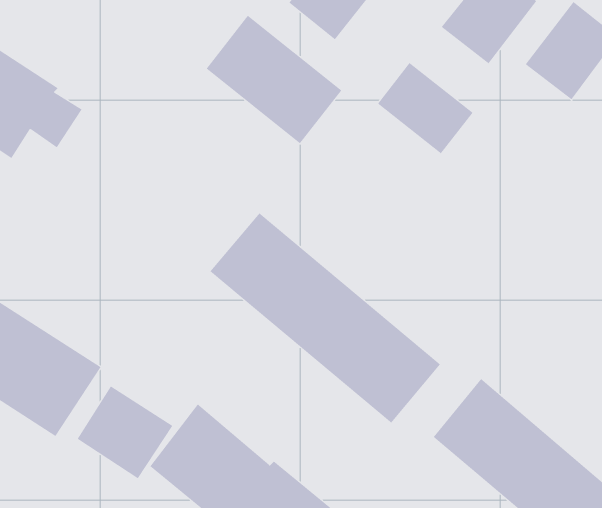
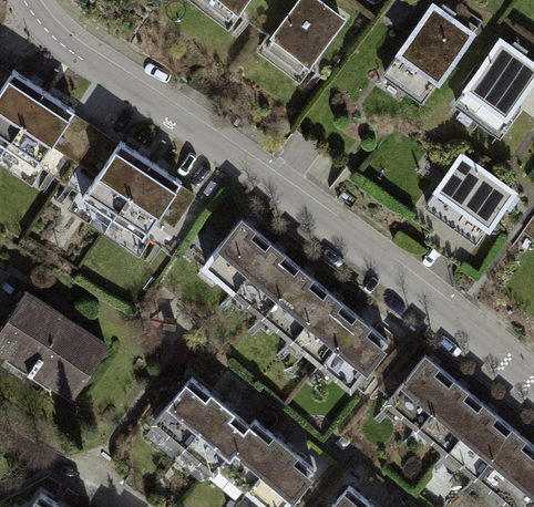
building: [206,15,342,144] -> none
building: [377,62,473,154] -> [435,156,515,232]
building: none -> [73,132,195,244]
building: [77,386,173,479] -> none

